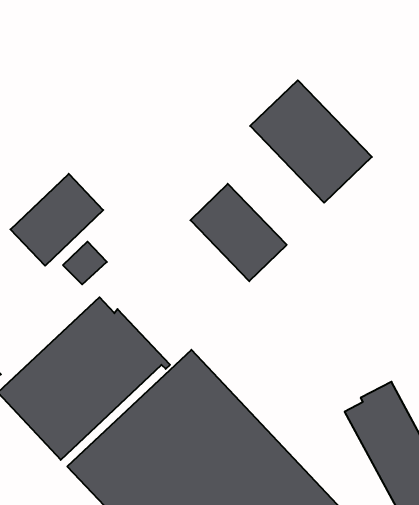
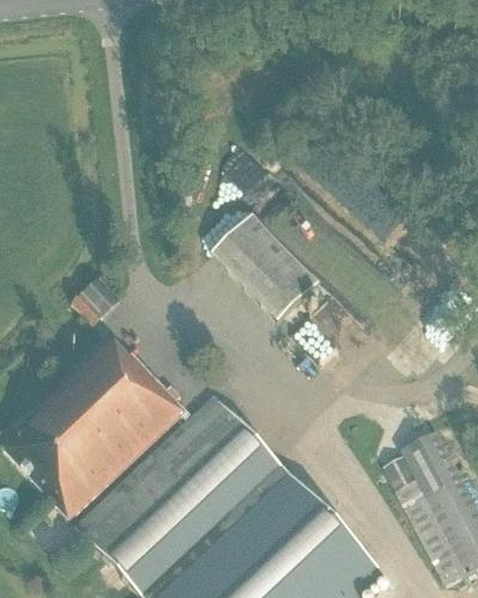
building: [250,80,372,203] -> none
building: [10,174,103,266] -> none

